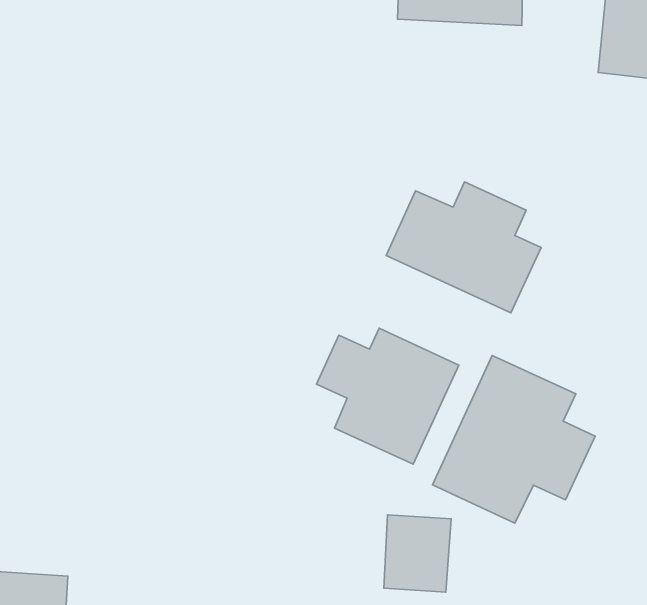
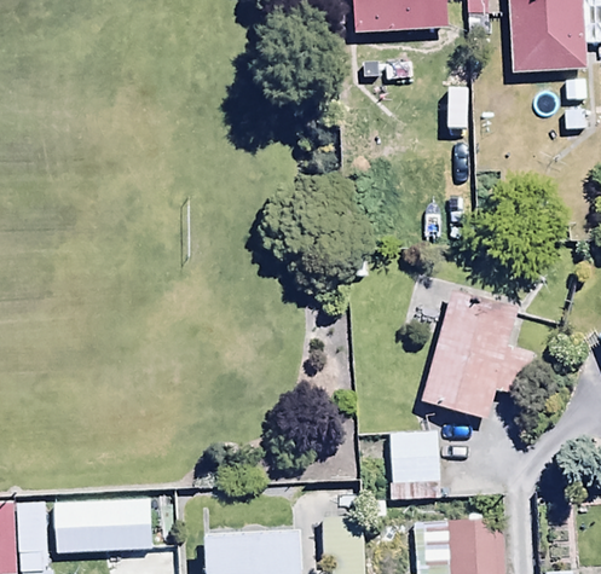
building: [386,182,541,313] -> none
building: [316,328,459,464] -> none

